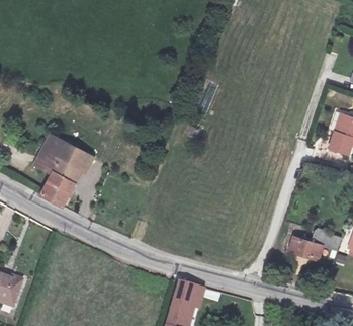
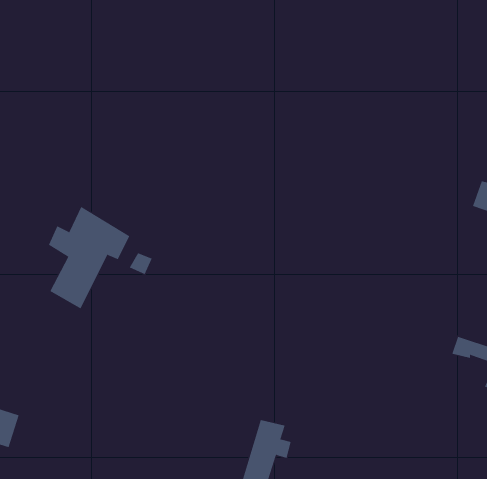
building: [290,236,326,259] -> none

